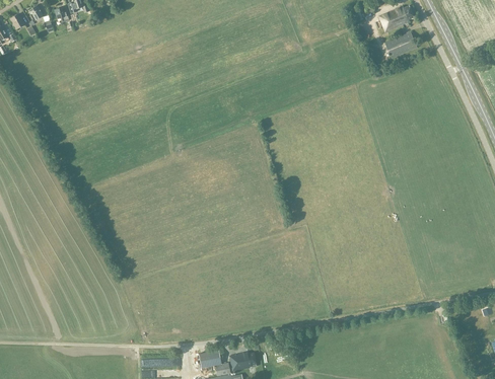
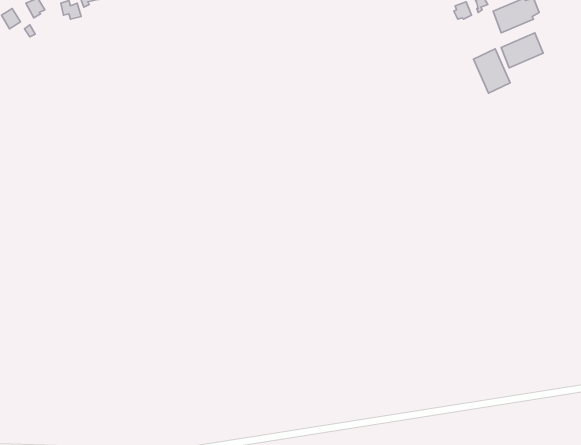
building: none -> [474,49,510,93]

